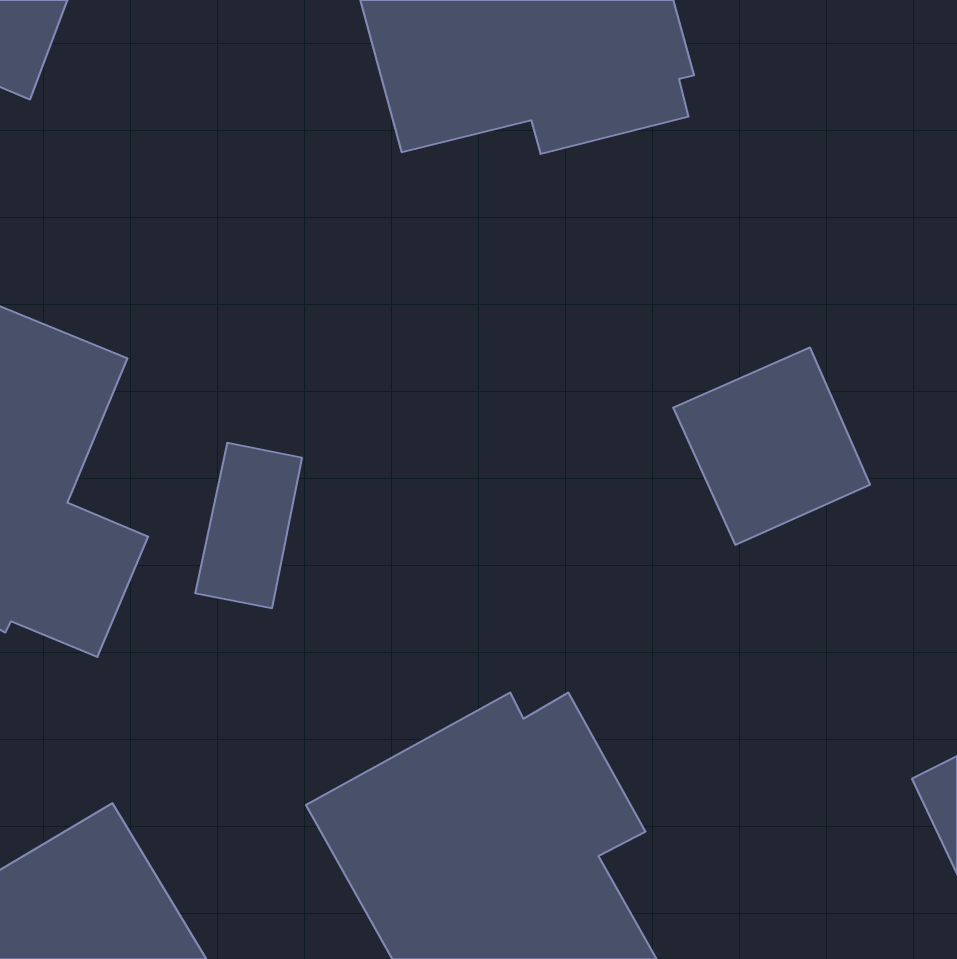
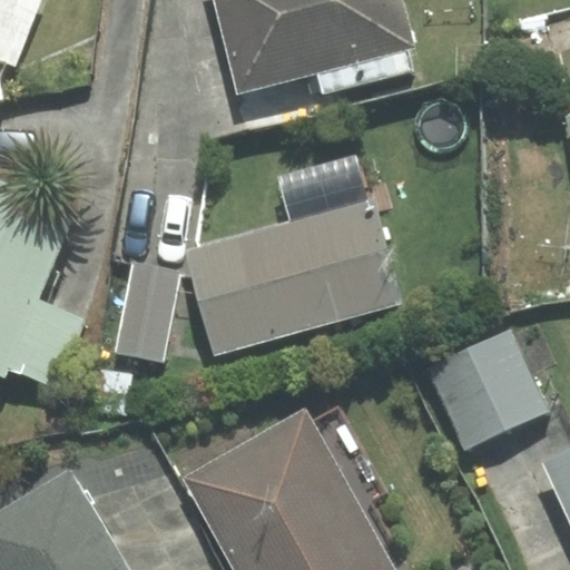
building: none -> [188,203,400,352]
building: [673,348,870,545] -> [429,328,546,445]

